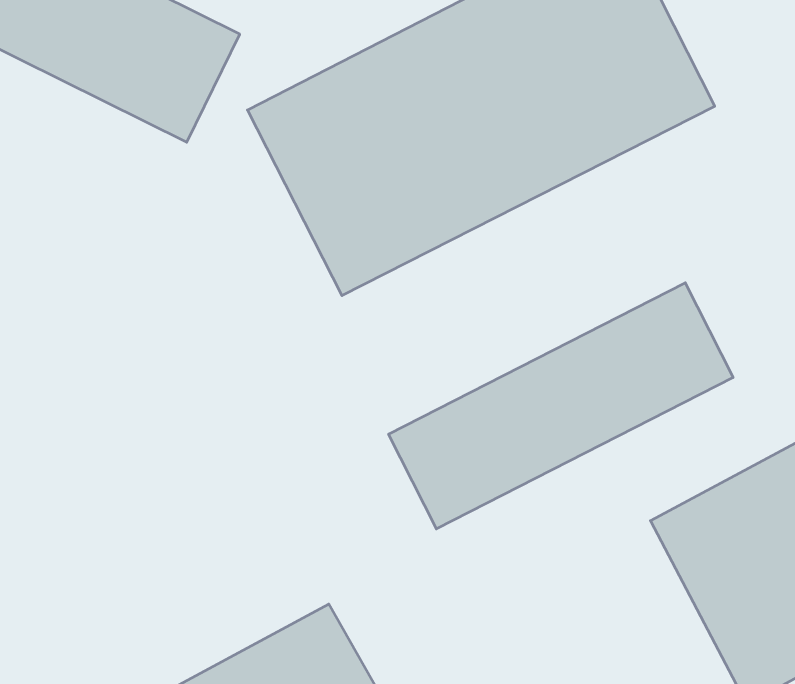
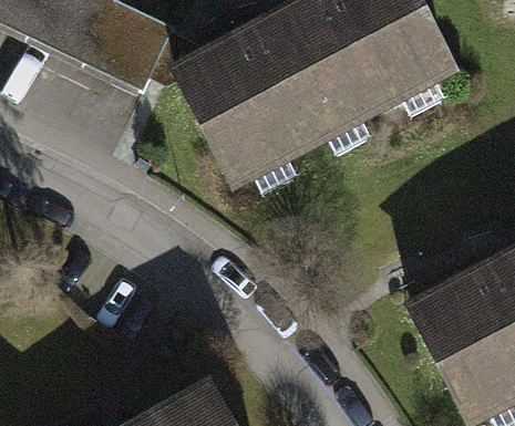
building: [389,283,733,529] -> none

